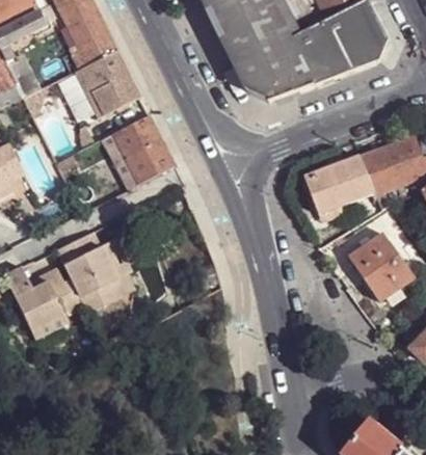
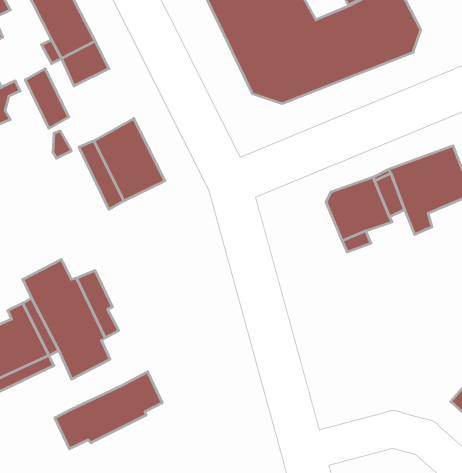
building: [91,71,137,112] -> none
building: [347,230,412,298] -> none
building: none -> [55,372,162,449]

